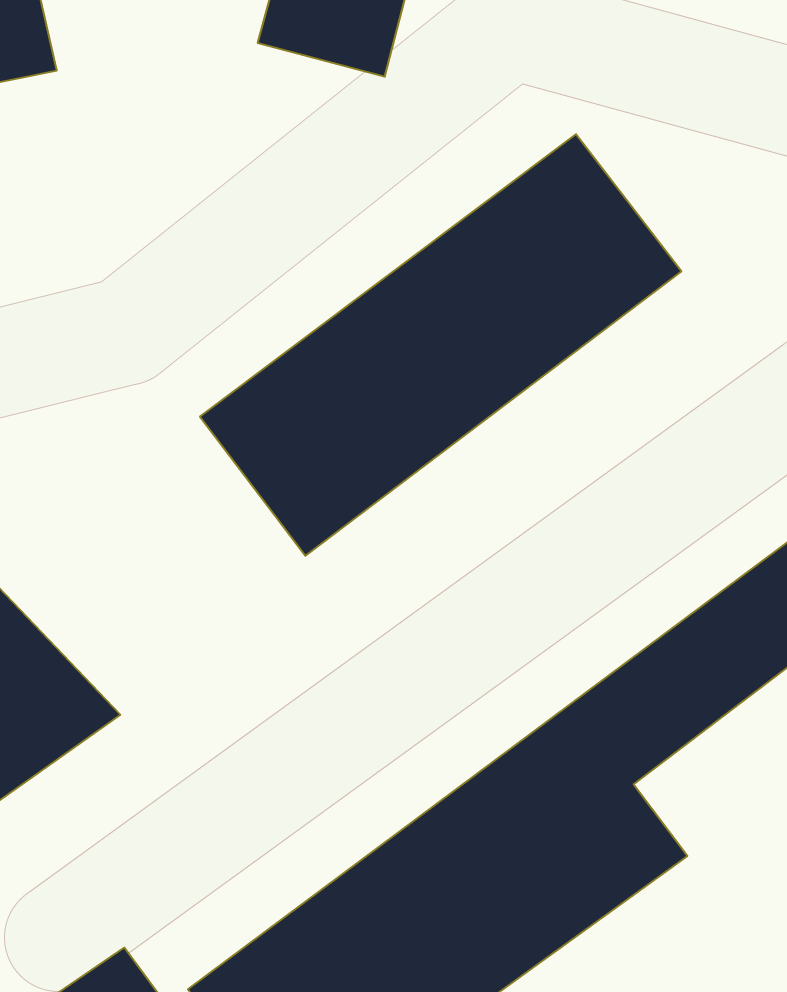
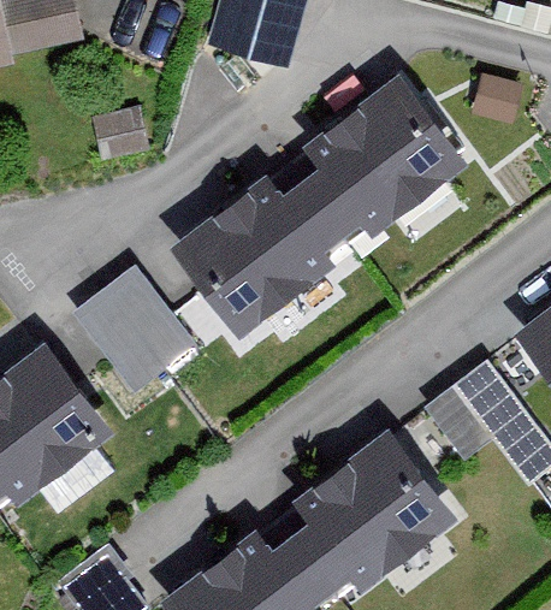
building: none -> [75,271,190,389]

